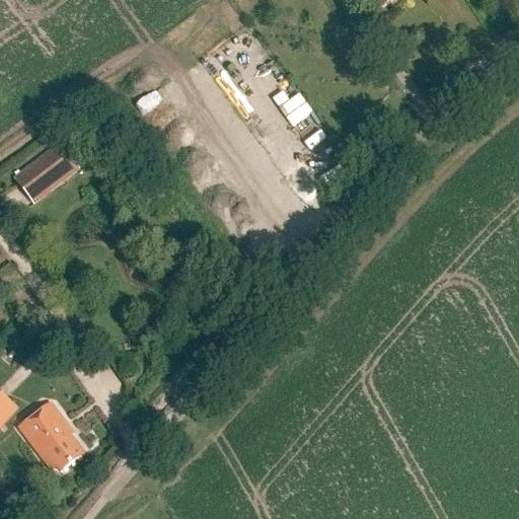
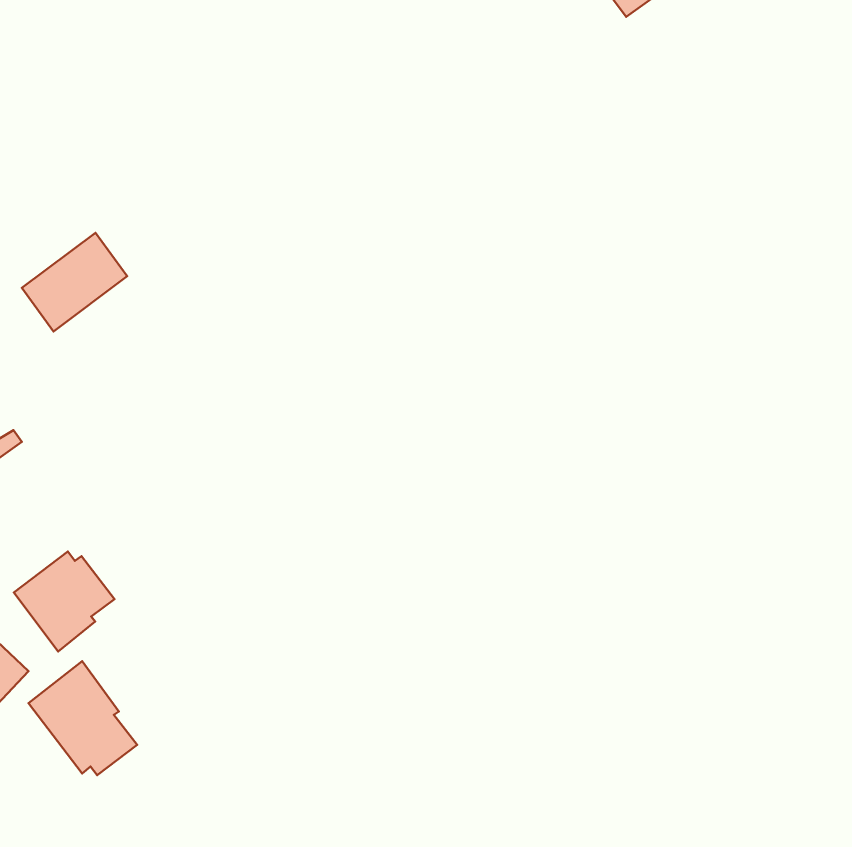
building: none -> [14,551,115,651]

